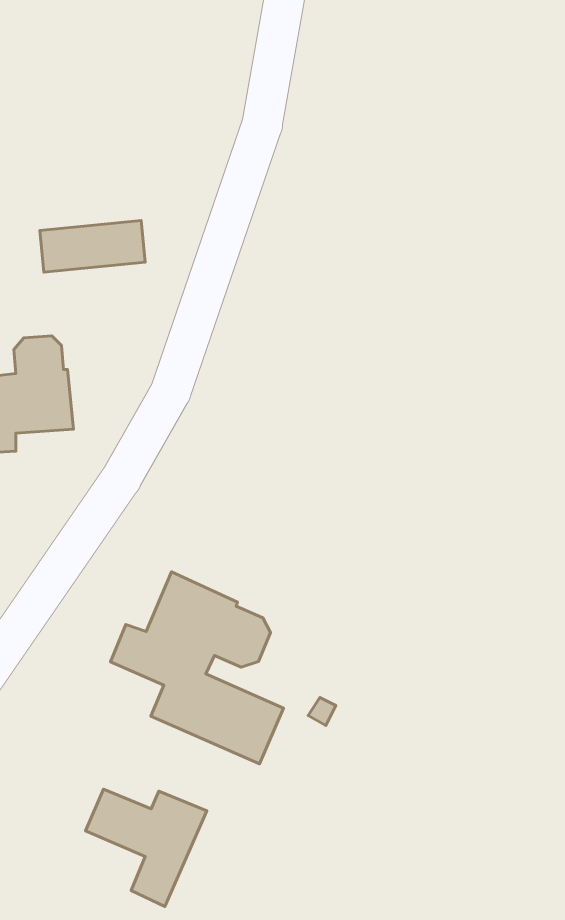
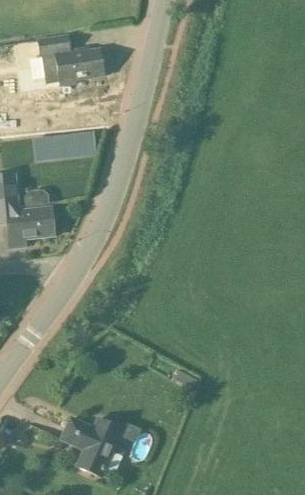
building: none -> [37,34,104,99]
building: [111,572,283,764] -> none

